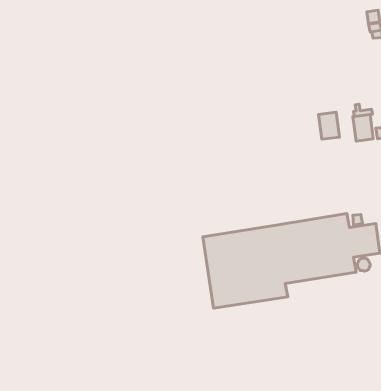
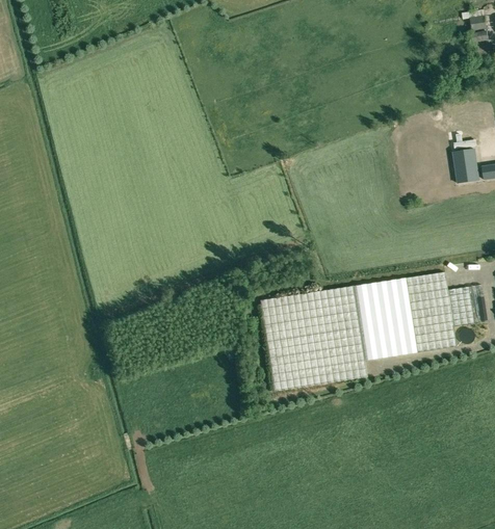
building: [318,112,339,139] -> none

